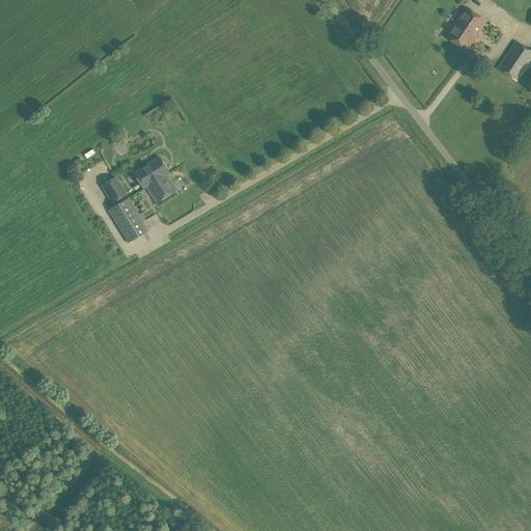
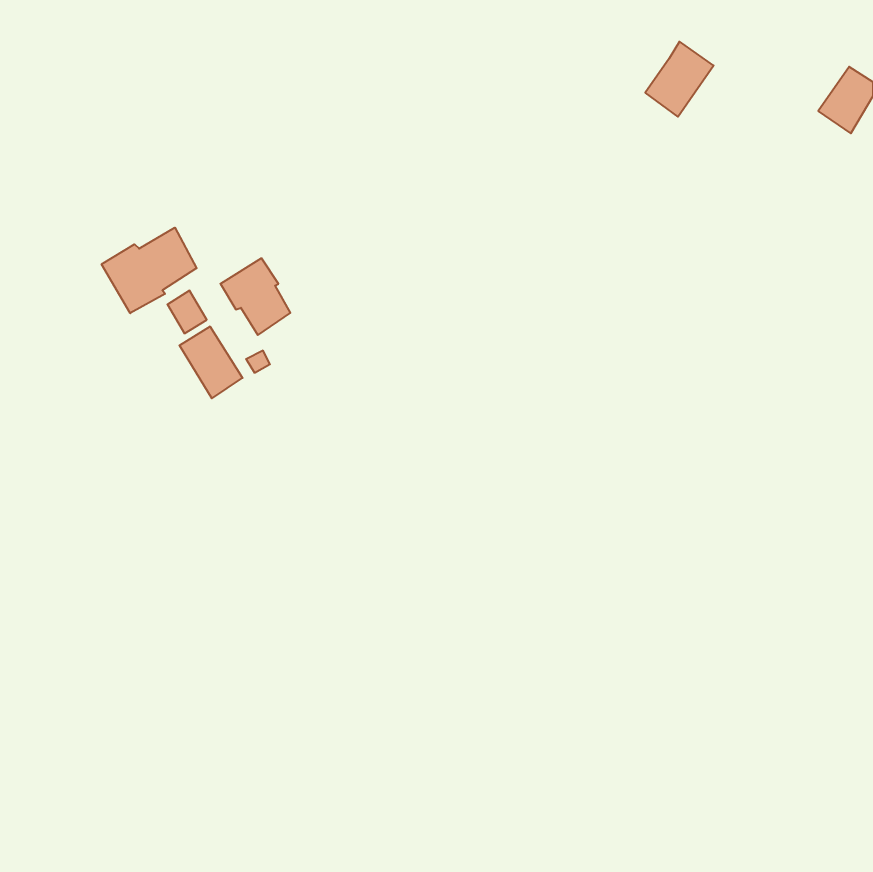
building: [444,5,485,51] -> [645,42,714,117]
building: none -> [102,228,197,313]

